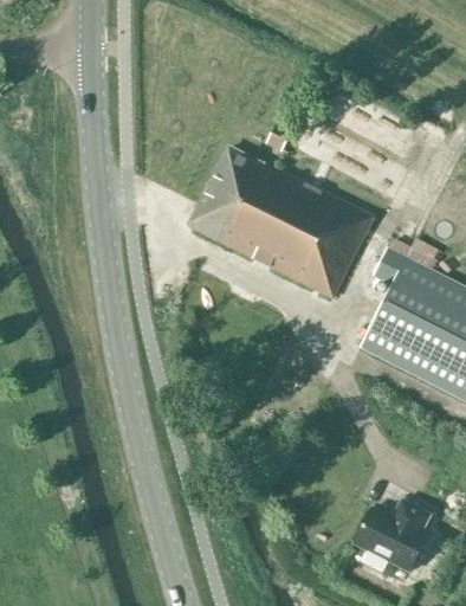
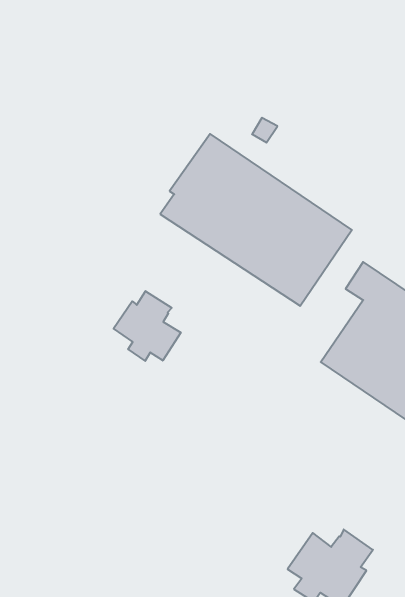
building: none -> [114,291,181,361]

